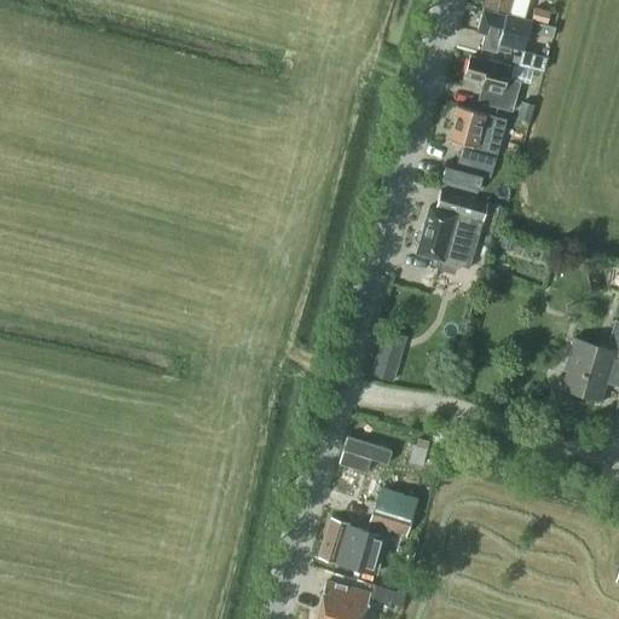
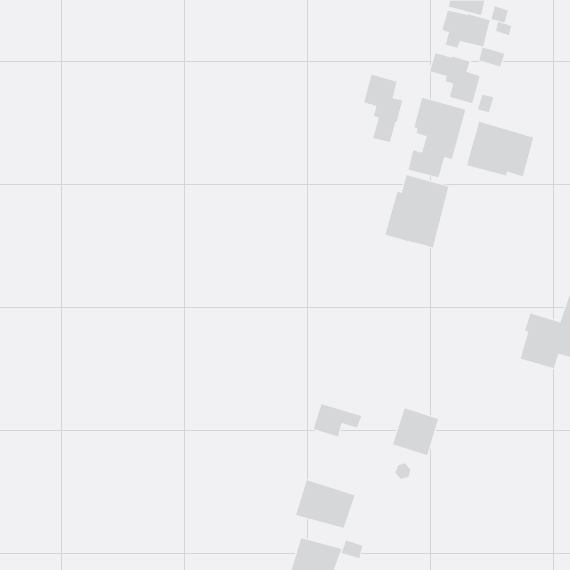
building: none -> [363,74,403,143]
building: none -> [466,121,534,177]
building: [370,330,407,382] -> none
building: [368,487,418,539] -> [392,408,439,456]

